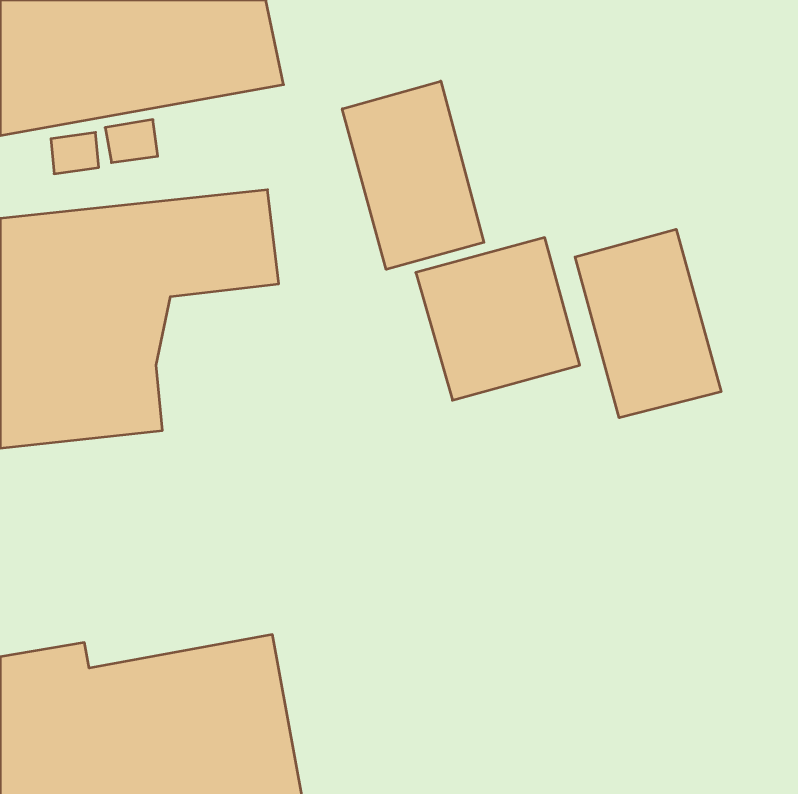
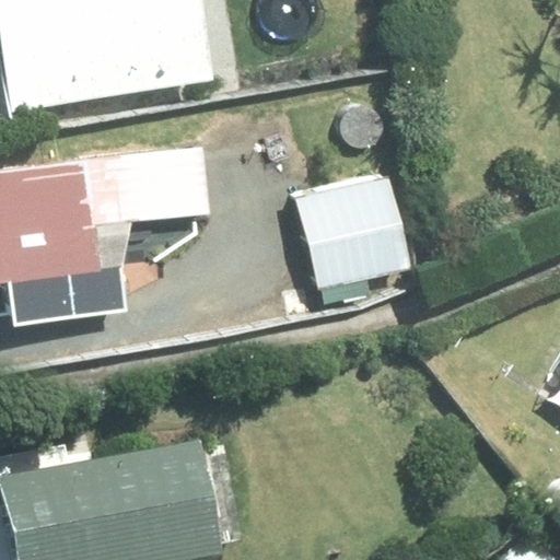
building: [342,81,484,269] -> none
building: [575,229,721,418] -> none

